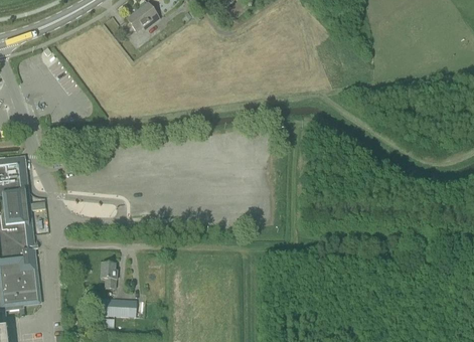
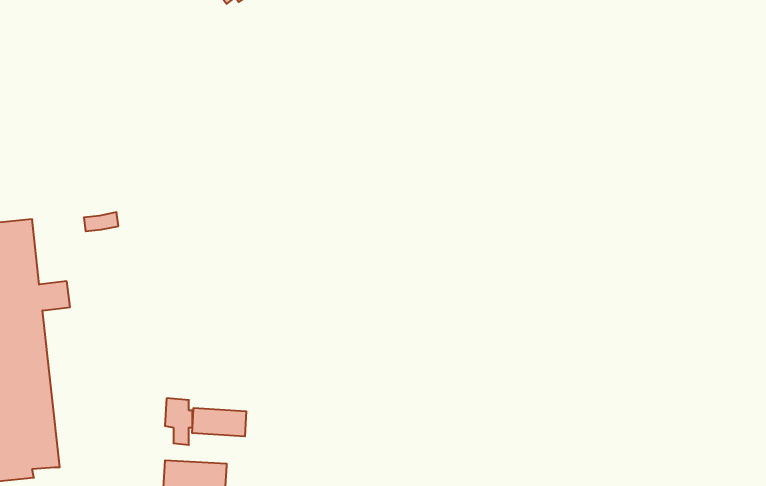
building: none -> [192,408,246,436]

